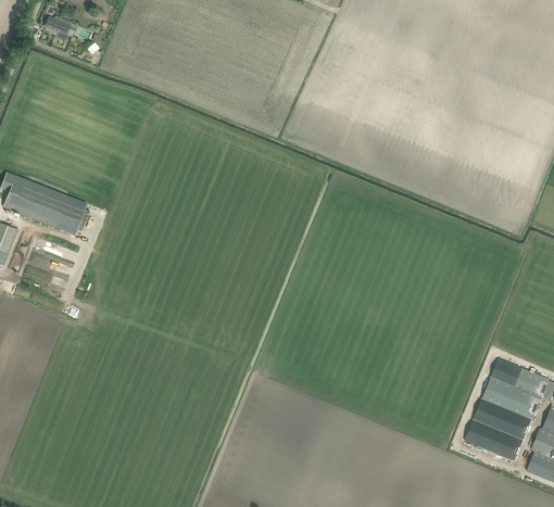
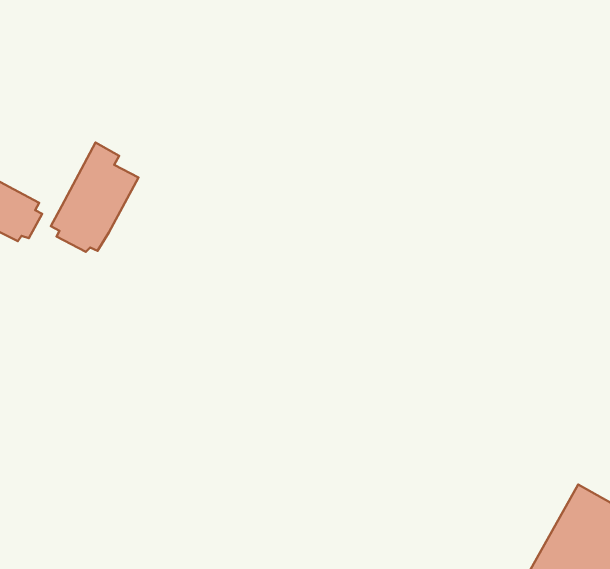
building: none -> [51,143,139,252]

